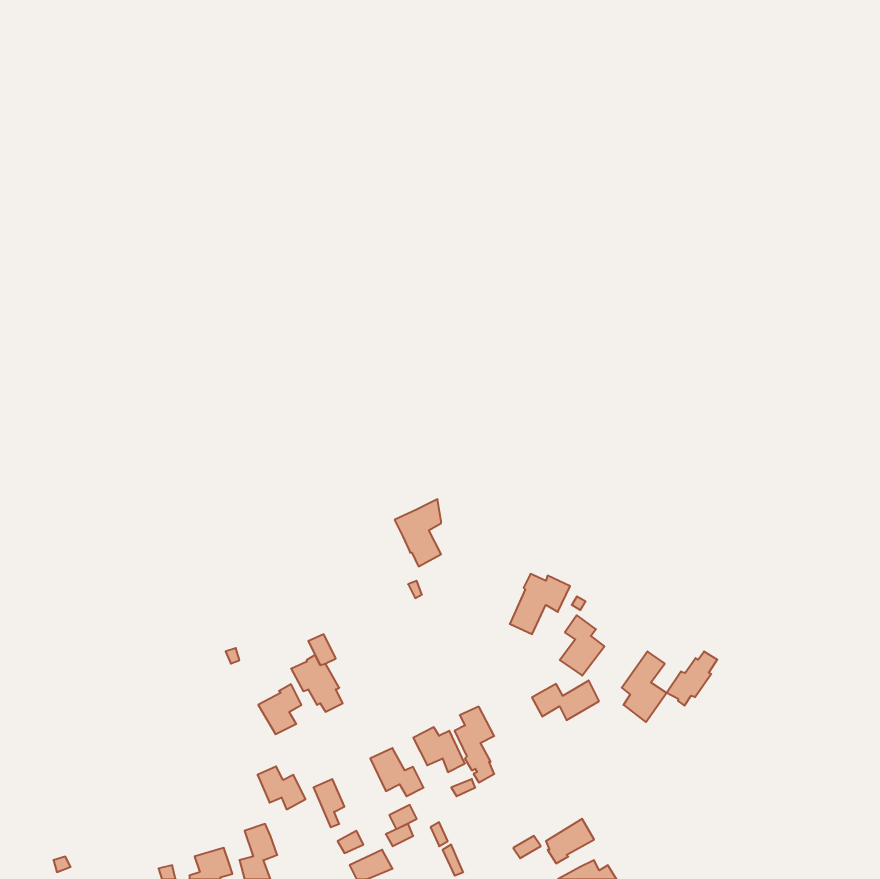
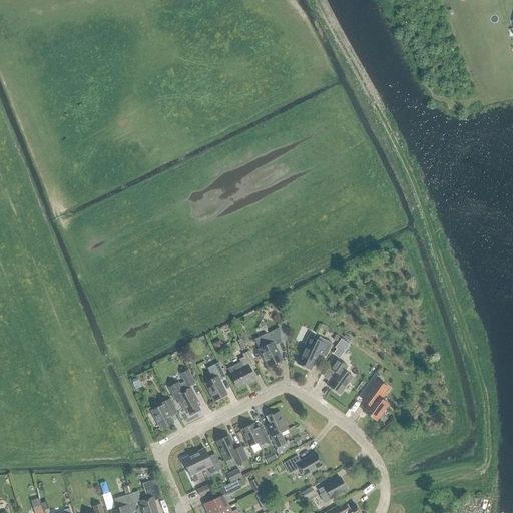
building: [395,499,441,566] -> [253,327,281,366]
building: none -> [227,350,255,387]
building: none -> [204,361,226,400]
building: [666,651,717,706] -> none
building: [532,680,599,720] -> [283,452,322,475]
building: [257,766,306,809] -> [193,448,221,473]

